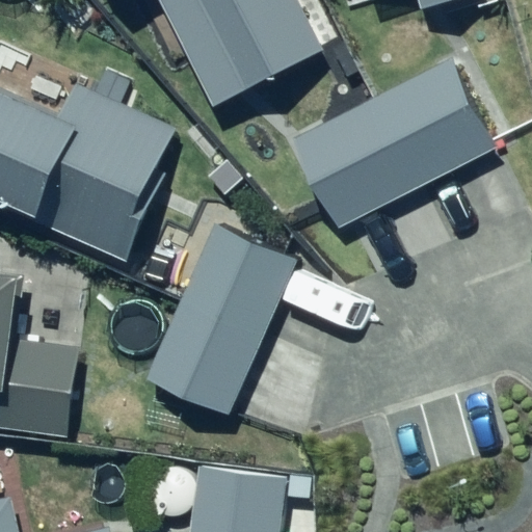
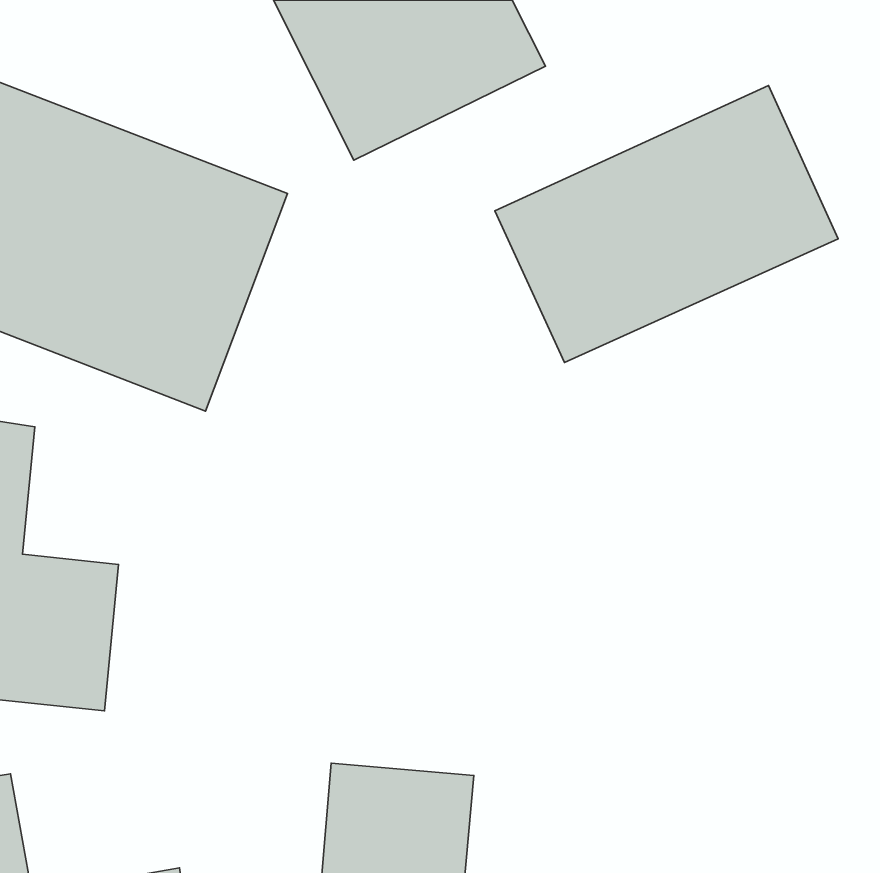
building: [148,224,294,410] -> none

